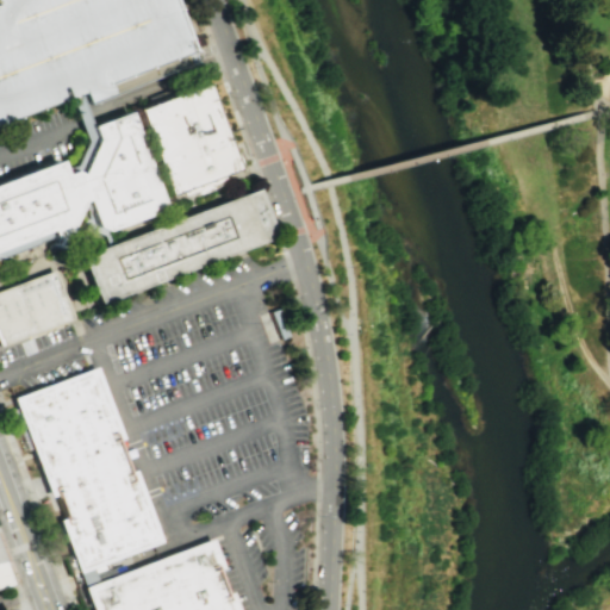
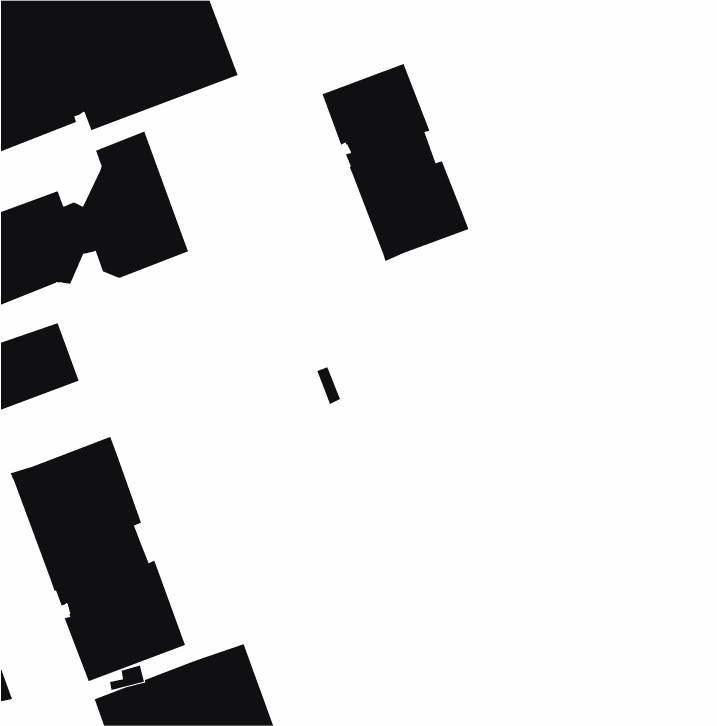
building: none -> [322,63,469,262]
building: [133,80,247,201] -> none
building: [77,188,276,304] -> none

